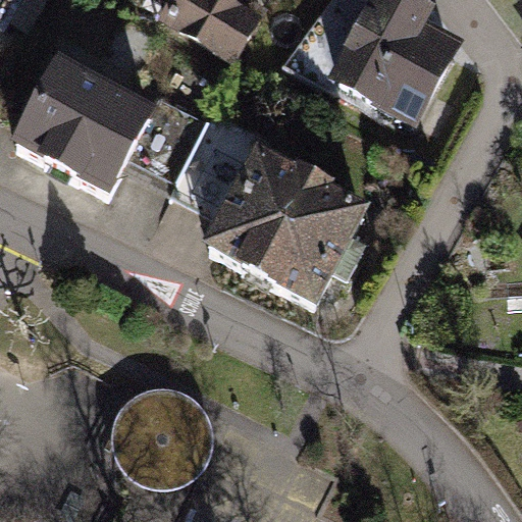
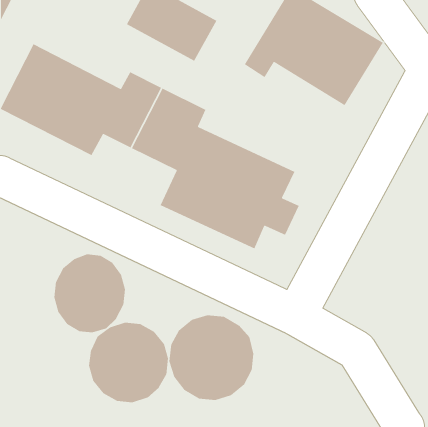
building: none -> [54,254,126,333]
building: none -> [169,314,254,401]

